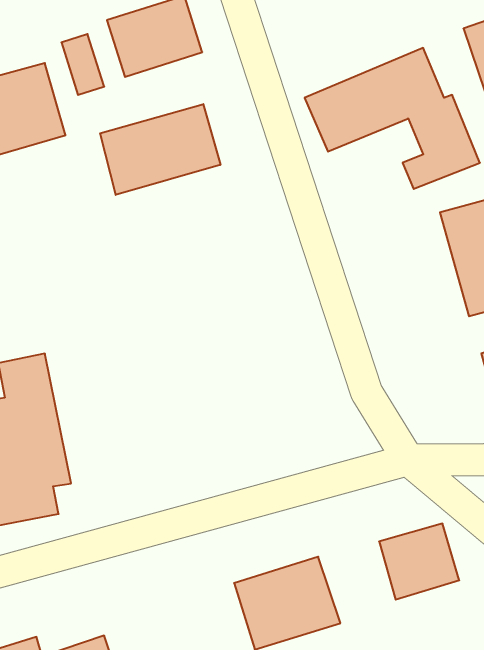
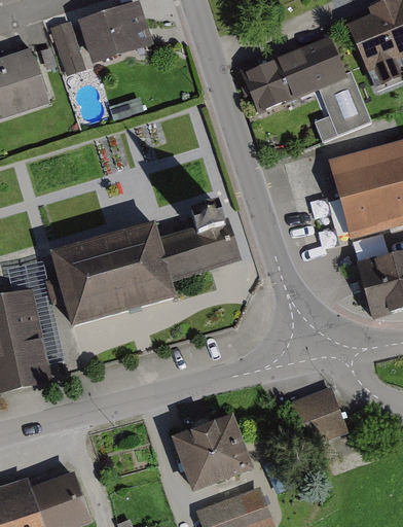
building: [100,104,220,195] -> none
building: none -> [52,202,240,326]

